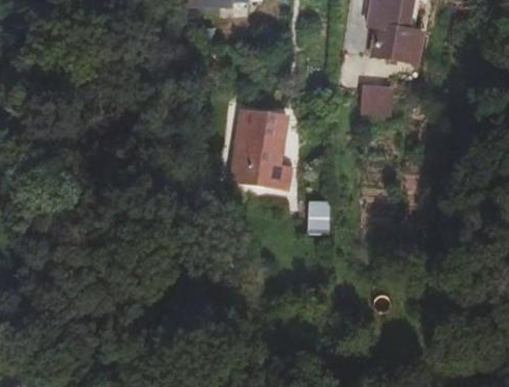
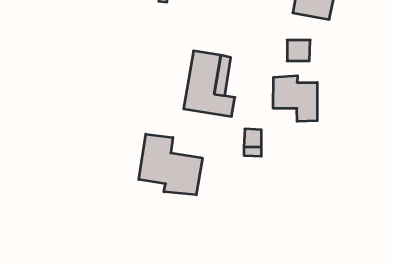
building: none -> [273,76,317,121]
building: none -> [139,134,202,195]

